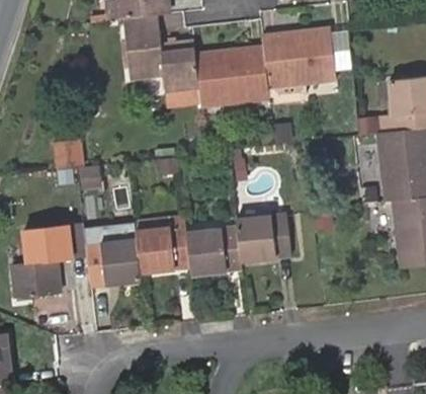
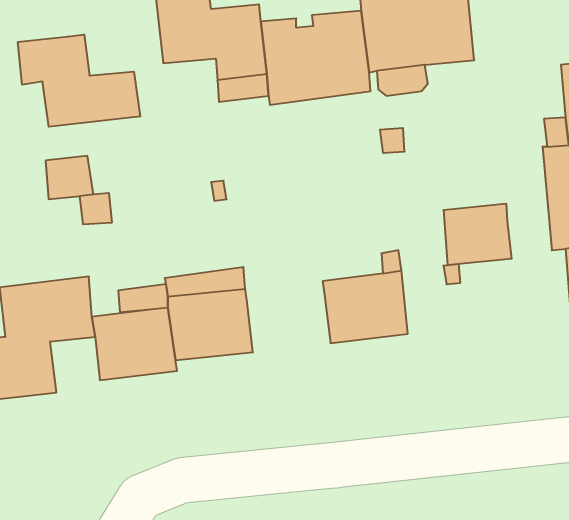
building: none -> [18,34,140,127]
building: none -> [444,204,512,265]
building: [186,229,241,274] -> none

